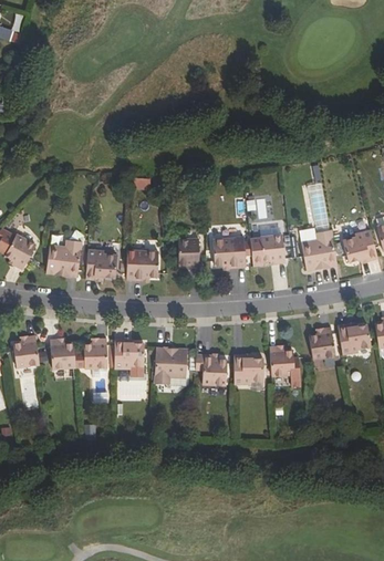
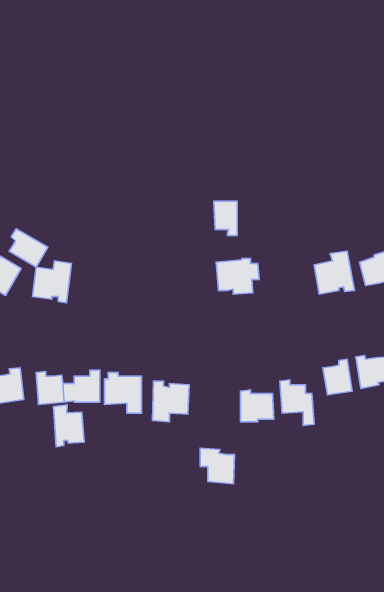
building: none -> [9,229,48,267]
building: [250,235,284,266] -> none
building: [178,239,199,270] -> [214,201,237,236]
building: [86,249,117,278] -> none
building: [126,250,158,281] -> none
building: [196,354,227,386] -> [200,448,235,484]
building: none -> [54,405,84,447]

